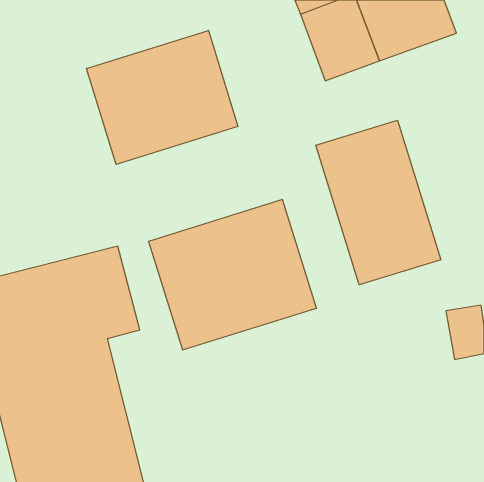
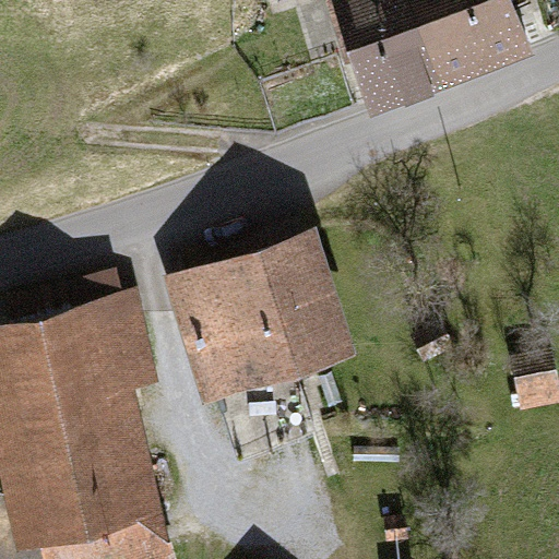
building: [87,30,238,164] -> none
building: [316,120,441,285] -> none

